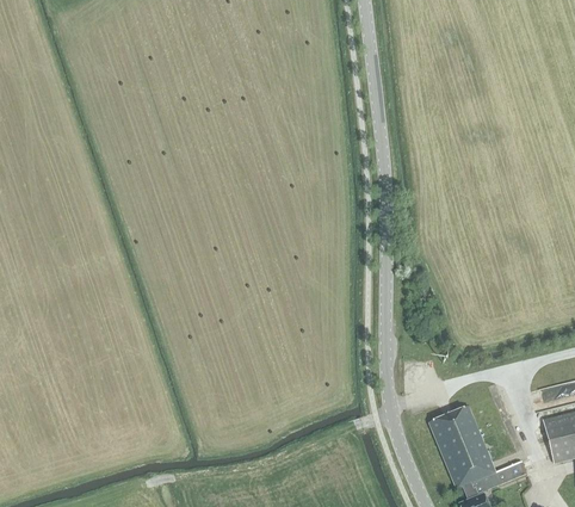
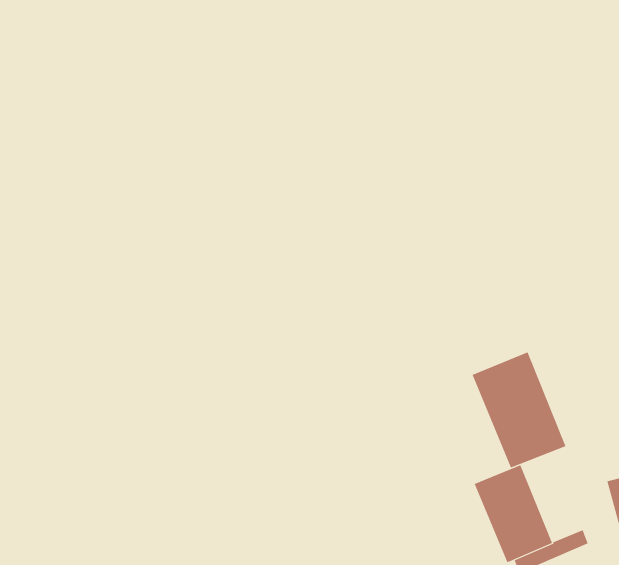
building: none -> [472,351,566,468]

